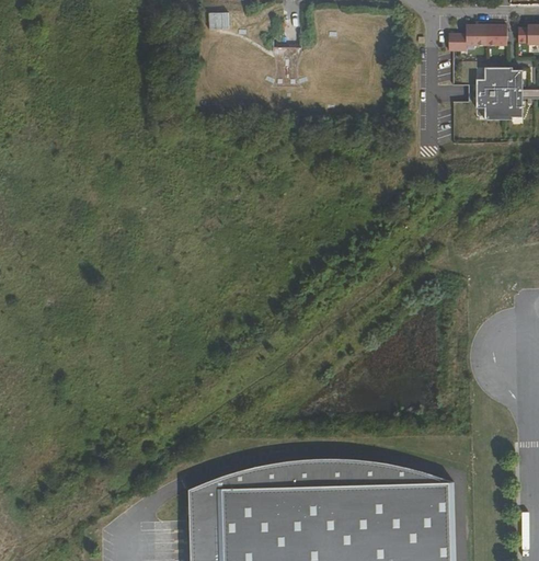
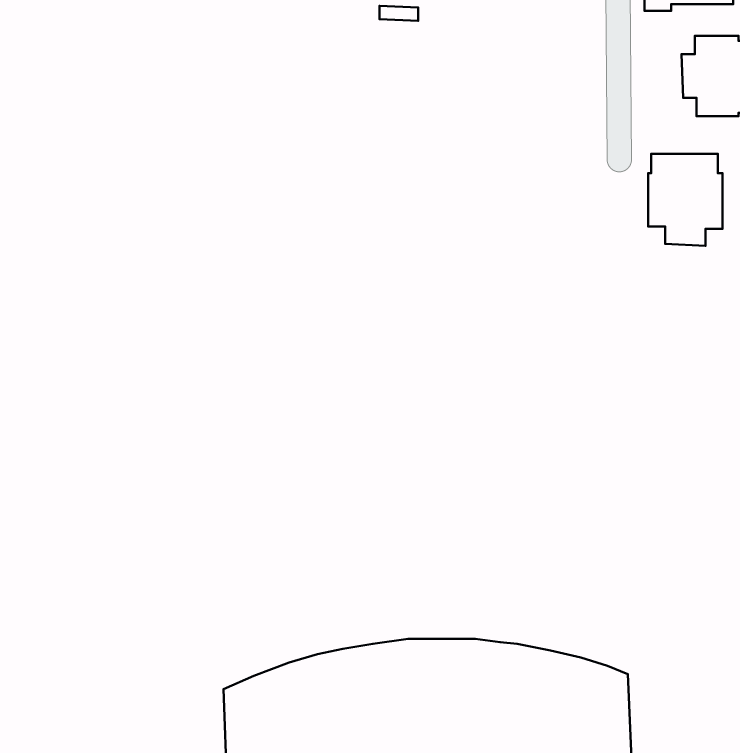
building: none -> [648,154,723,246]

